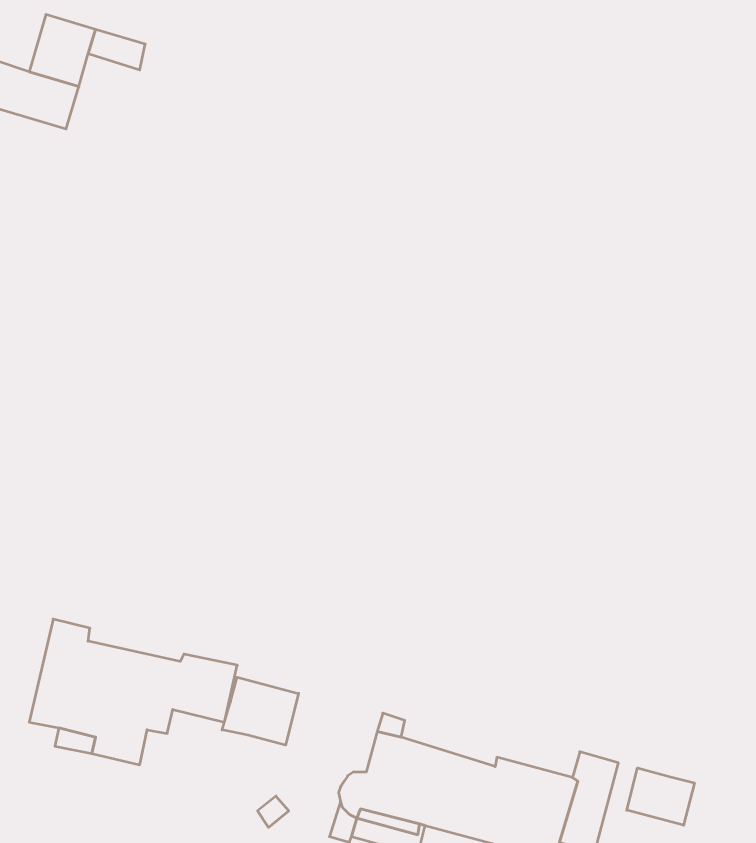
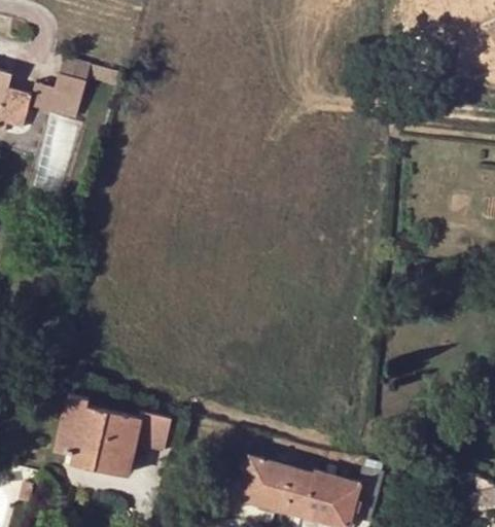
building: [222,677,299,745] -> none
building: [627,768,694,825] -> none

